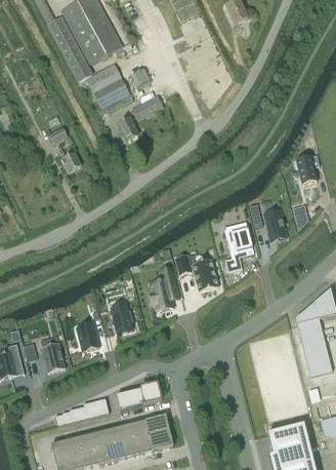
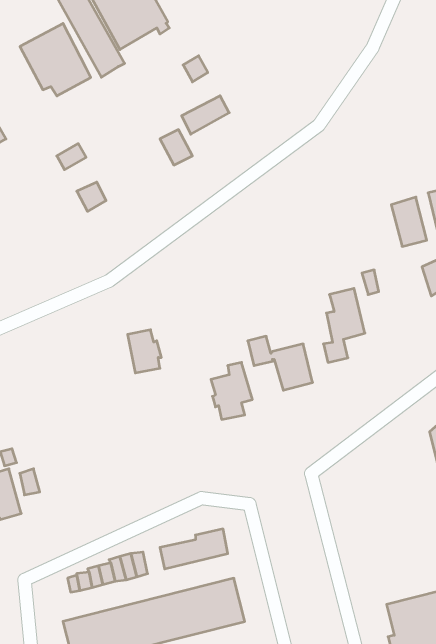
building: [86,62,133,110] -> [20,23,91,96]
building: [263,207,287,240] -> [391,197,427,246]
building: [111,302,133,330] -> [128,330,161,373]
building: [75,320,100,351] -> none
building: [41,336,65,370] -> none

